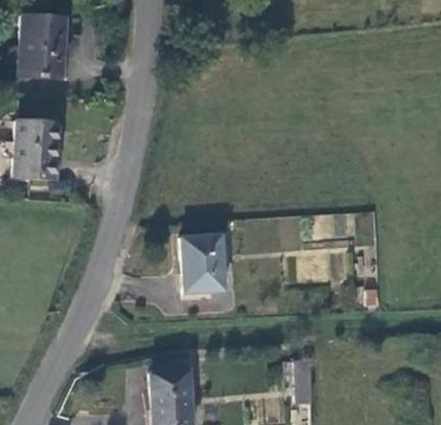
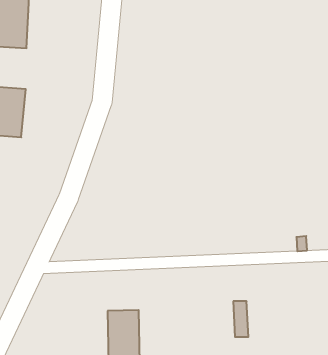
building: [180,235,224,296] -> none

